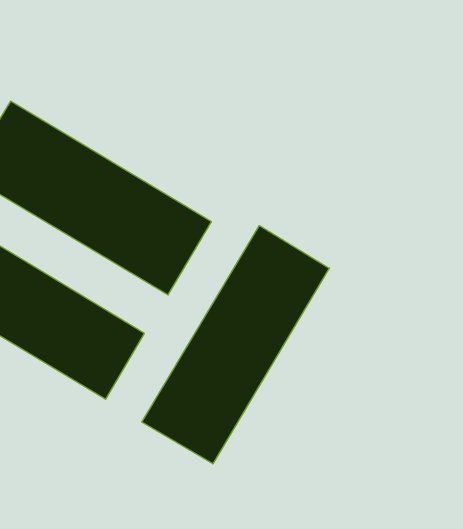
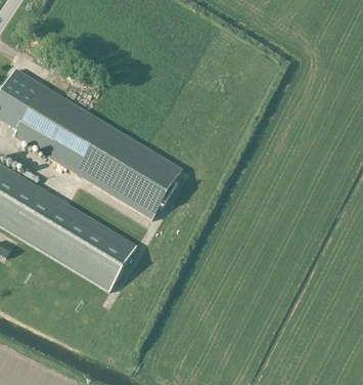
building: [142,226,329,464] -> none

